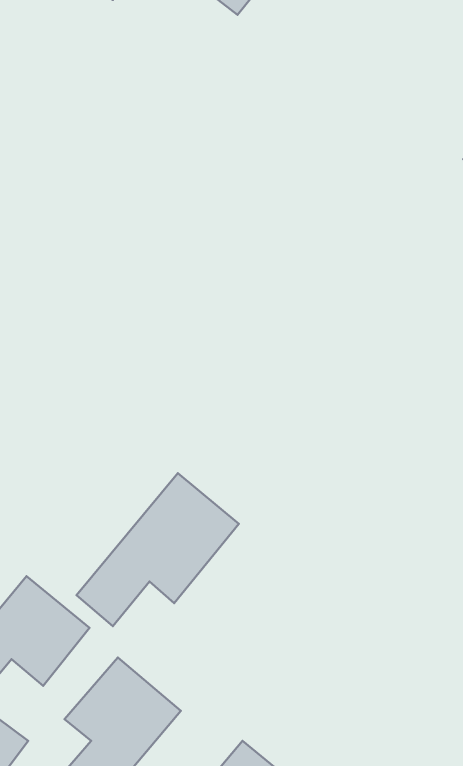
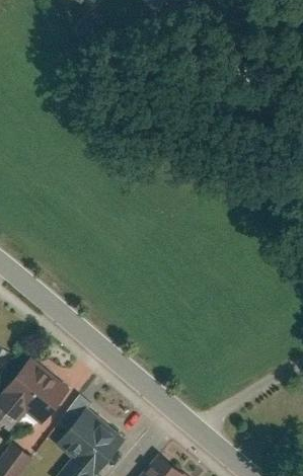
building: [77,473,239,626] -> none

